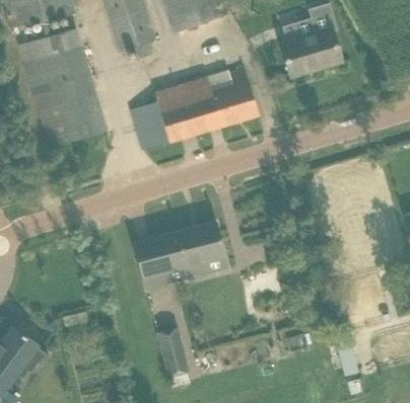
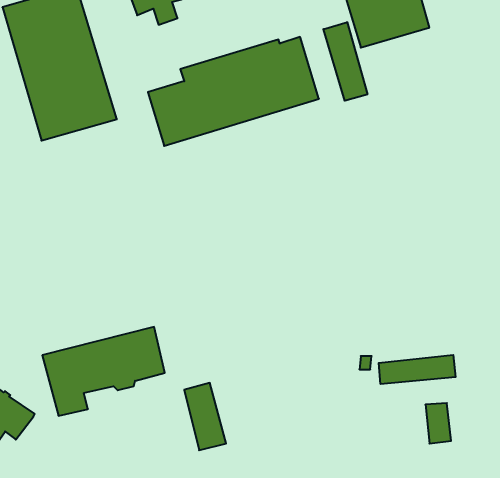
building: none -> [323,22,367,101]
building: [133,222,225,289] -> [42,327,165,416]
building: none -> [379,355,456,384]

